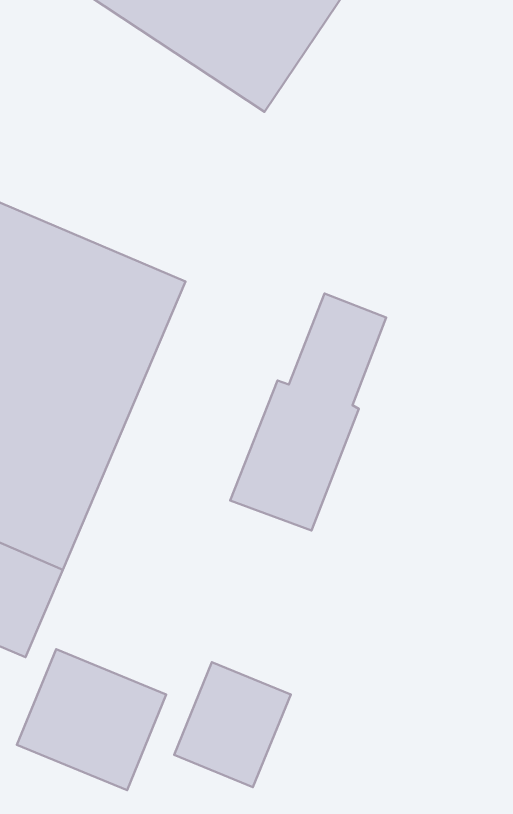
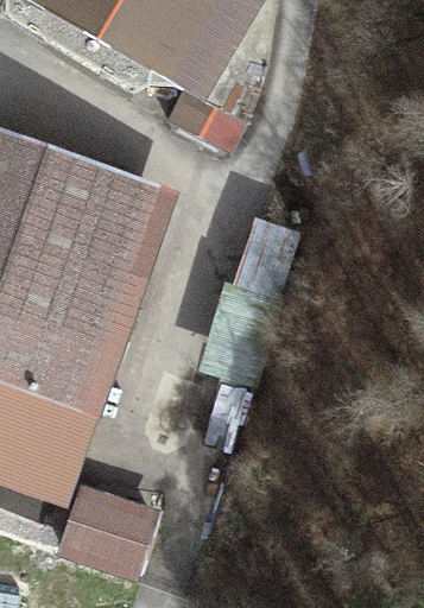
building: [174,662,291,787] -> none

